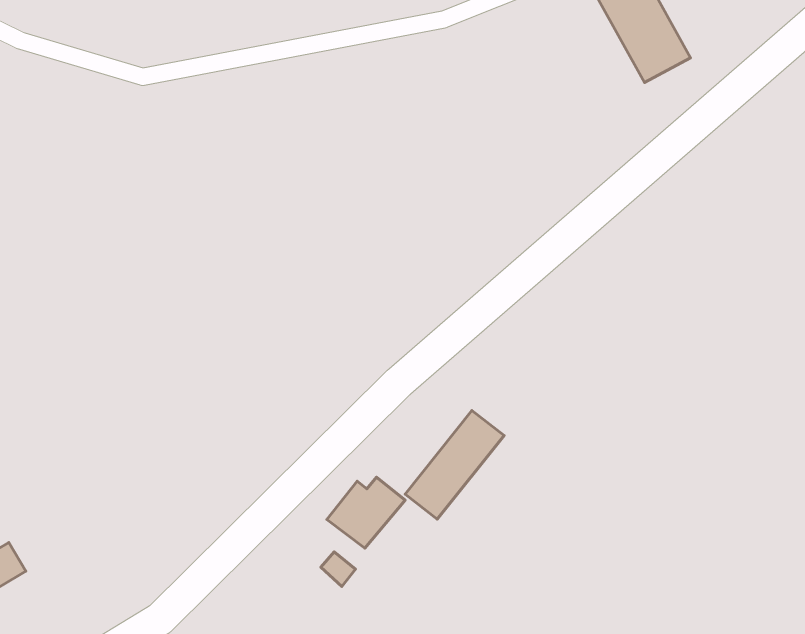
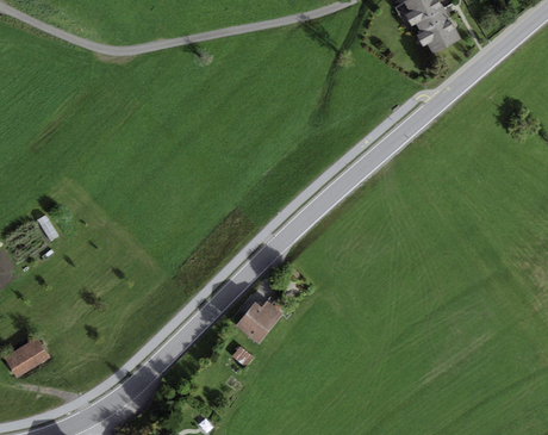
building: [405,410,504,519] -> none

